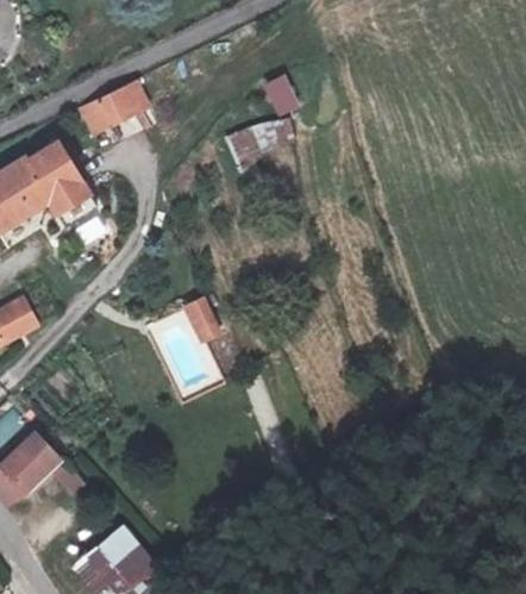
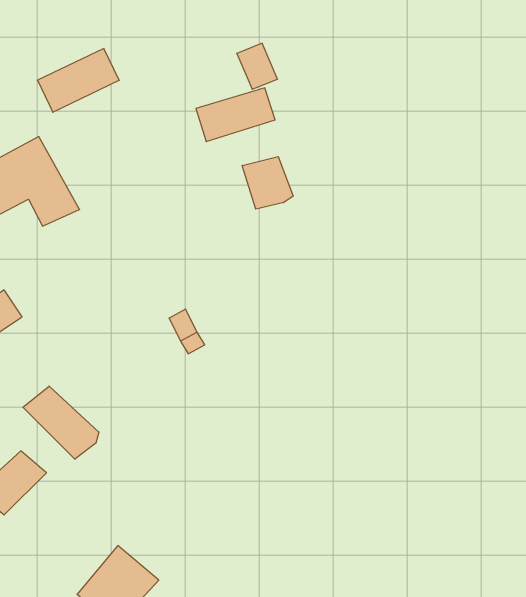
building: none -> [242,157,293,209]
building: none -> [23,386,99,459]

